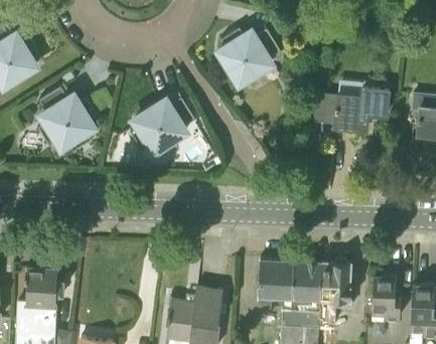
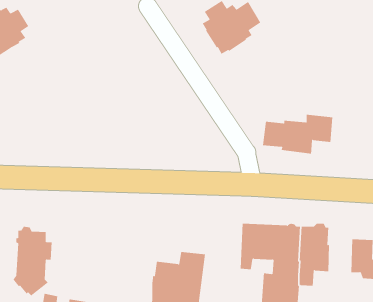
building: [37,88,98,152] -> none
building: [315,88,389,129] -> [262,114,333,154]
building: [130,99,194,153] -> none

